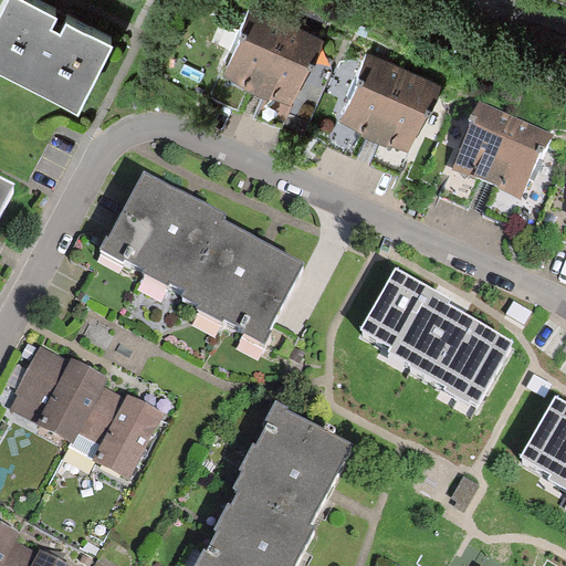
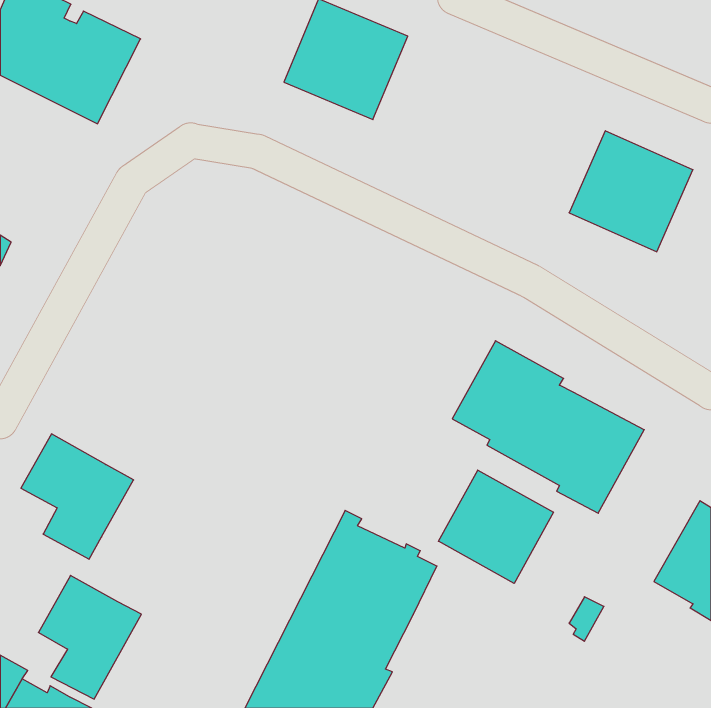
building: [344,49,442,146] -> none
building: [96,176,300,343] -> none
building: none -> [438,470,553,583]
building: [81,381,163,480] -> [38,575,141,699]

